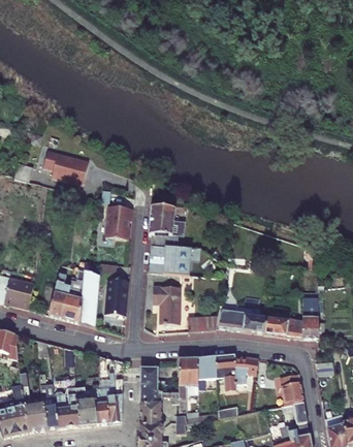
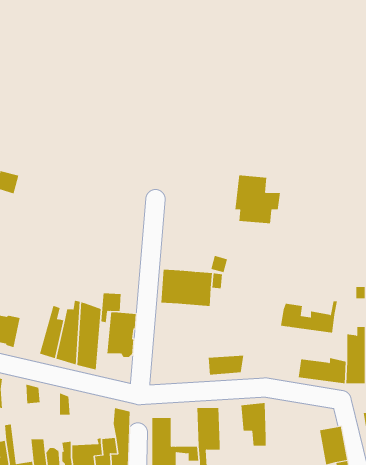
building: [42,152,88,185] -> none
building: [105,205,133,238] -> none
building: [148,205,186,246] -> [235,175,281,224]
building: [153,286,181,324] -> none
building: [219,307,266,333] -> [280,301,338,333]
building: [235,355,260,383] -> none
building: [197,356,217,389] -> none

